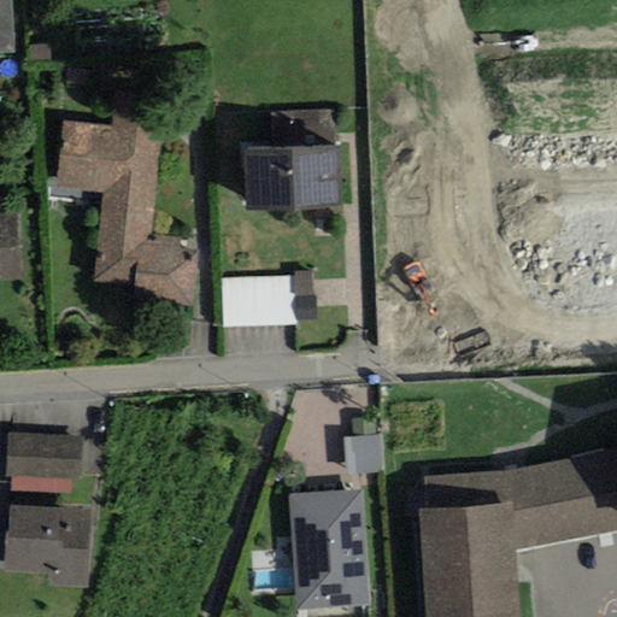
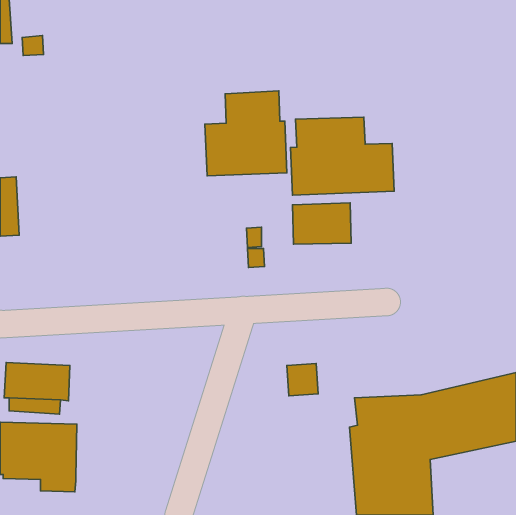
building: [57,110,199,307] -> none
building: none -> [291,117,394,195]
building: [222,276,292,325] -> [293,203,351,244]
building: [289,489,369,609] -> none

